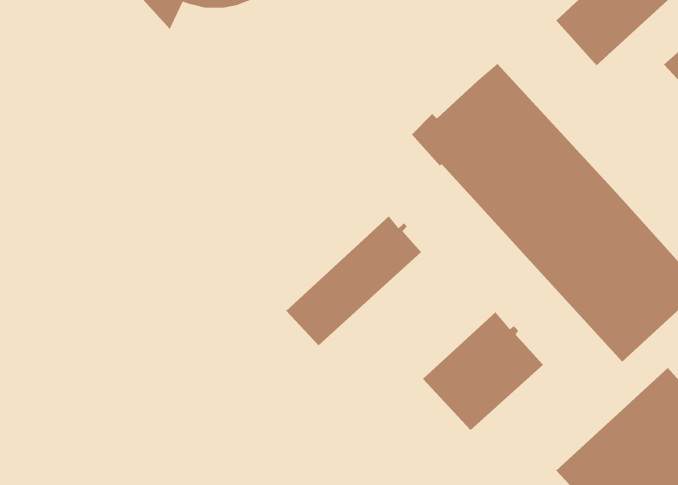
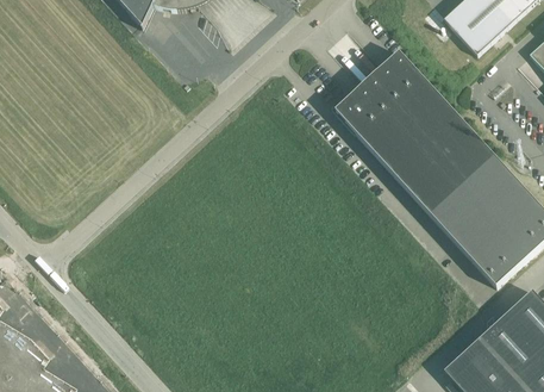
building: [285,215,422,346] -> none
building: [422,312,544,431] -> none

